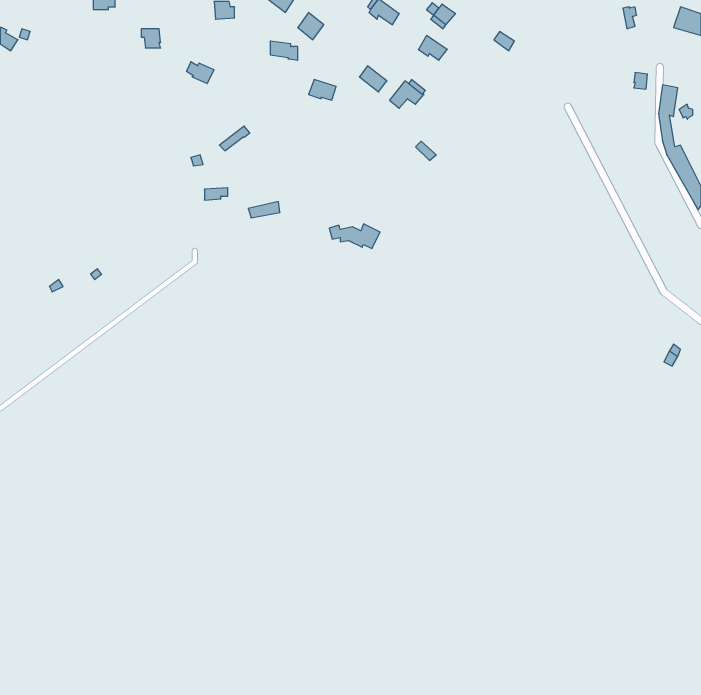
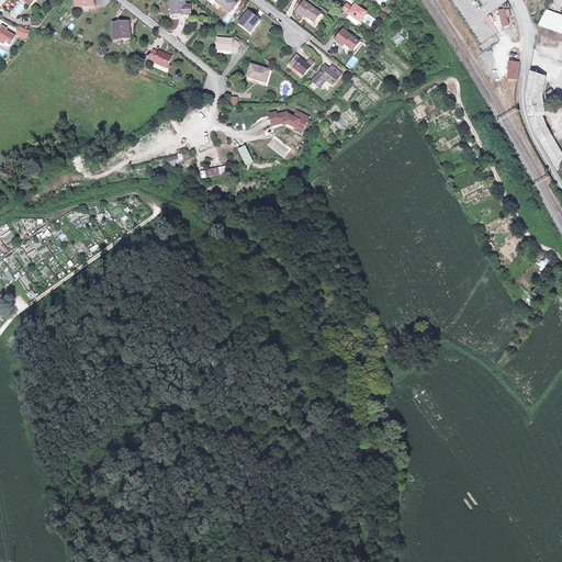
building: [329,224,380,249] -> [267,109,307,128]

